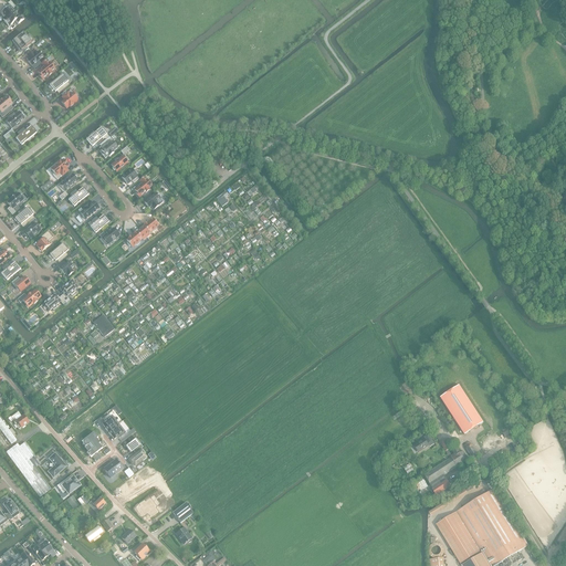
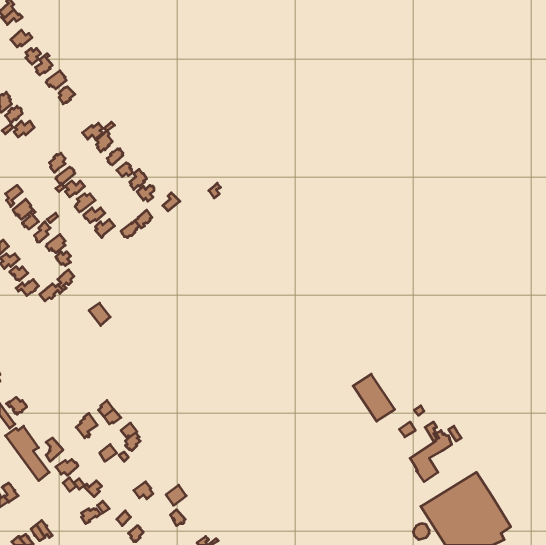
building: [439,384,482,432] -> [353,374,395,421]

